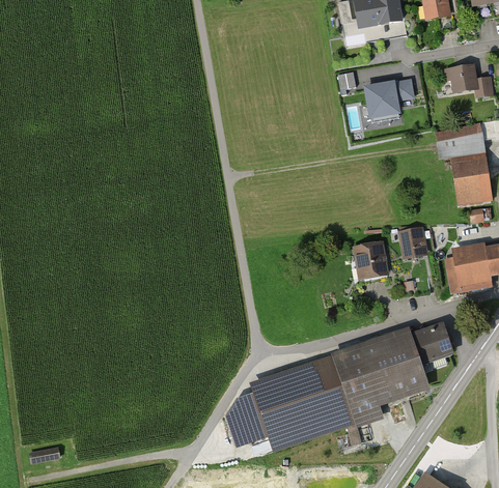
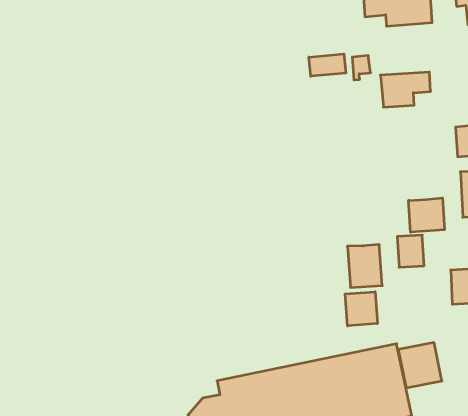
building: none -> [309,54,346,76]
building: none -> [409,198,444,232]
building: none -> [345,292,377,326]

